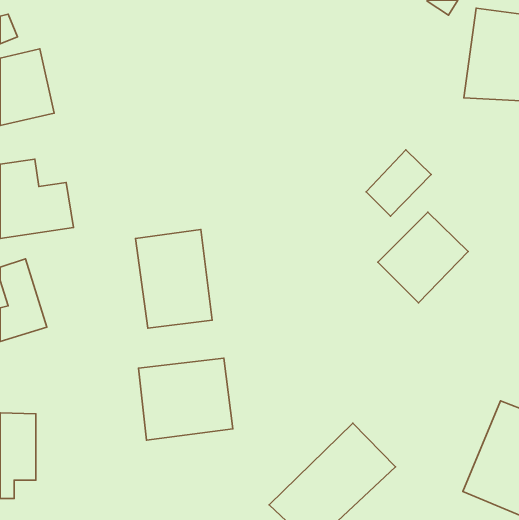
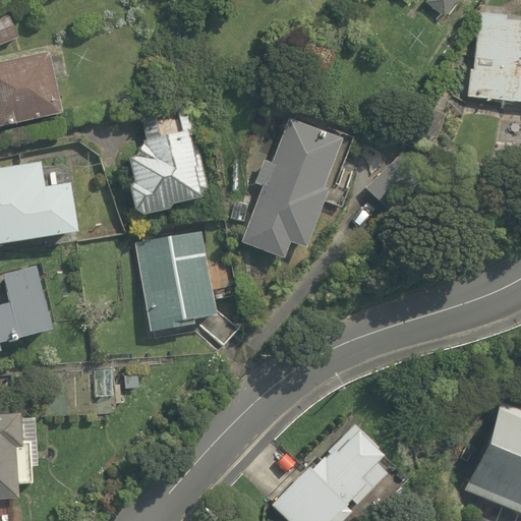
building: none -> [120,107,210,217]
building: none -> [237,119,359,257]
building: [378,212,468,303] -> none
building: [138,358,233,440] -> none

